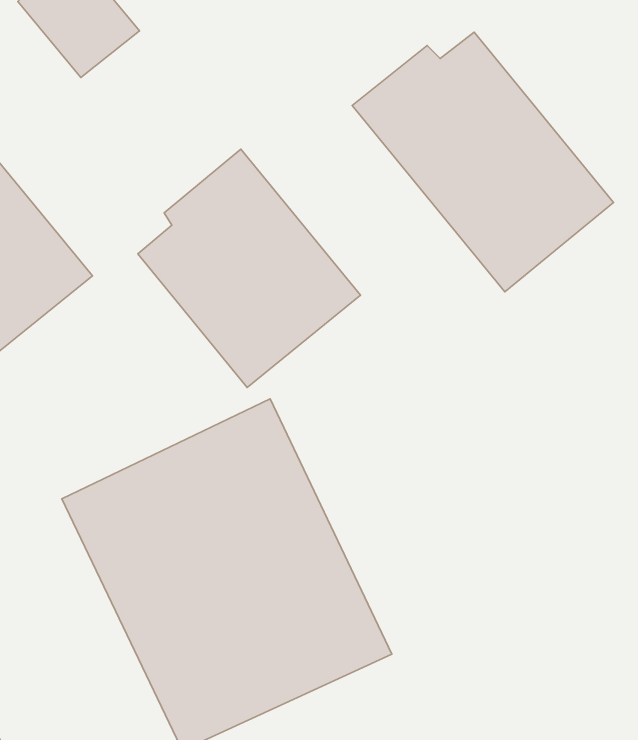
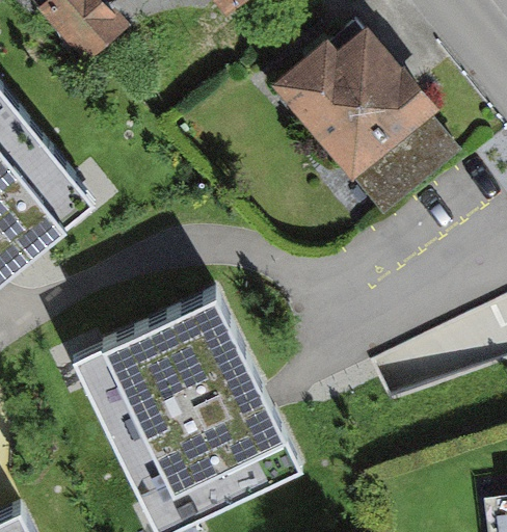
building: [138,149,360,387] -> none

